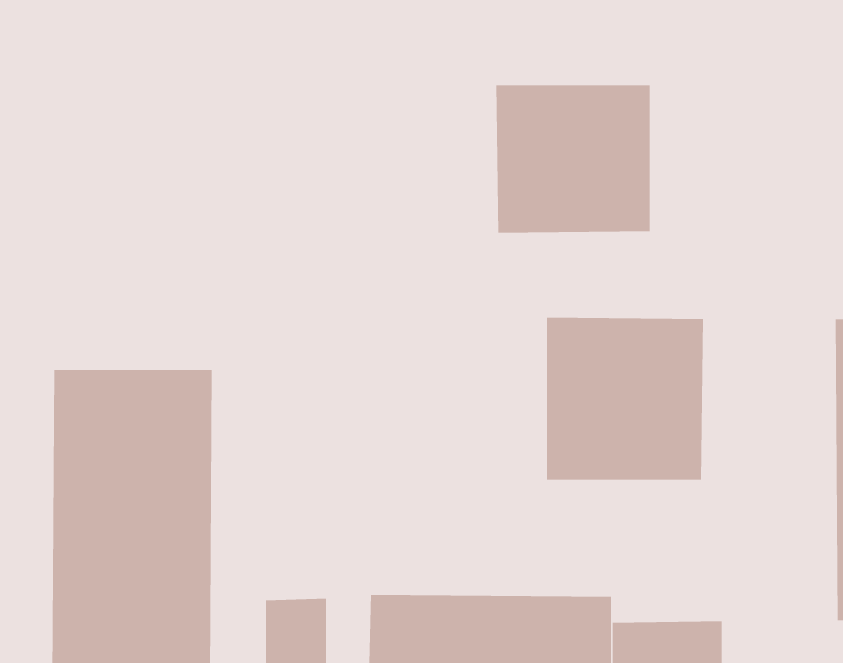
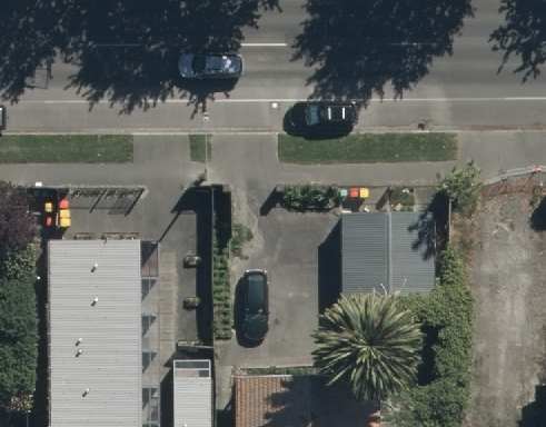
building: [496,84,650,234] -> none

